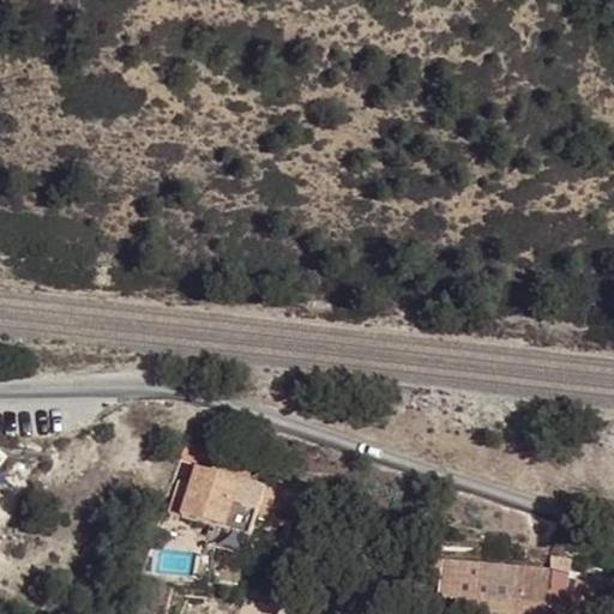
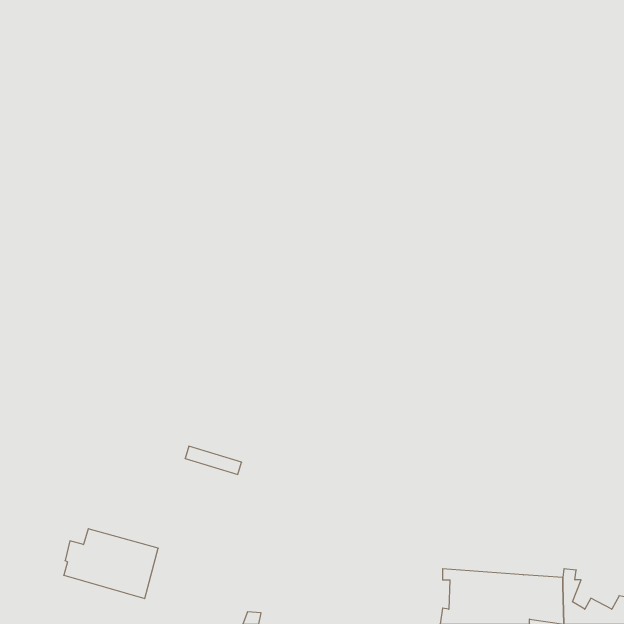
building: [175,466,267,535] -> [64,529,158,599]

